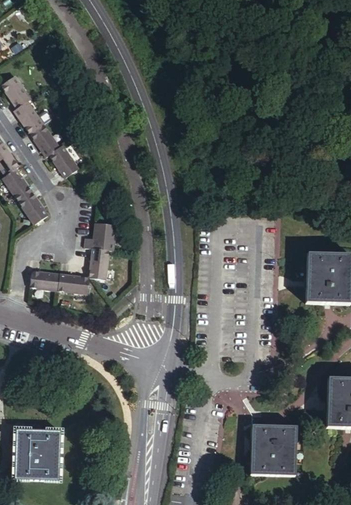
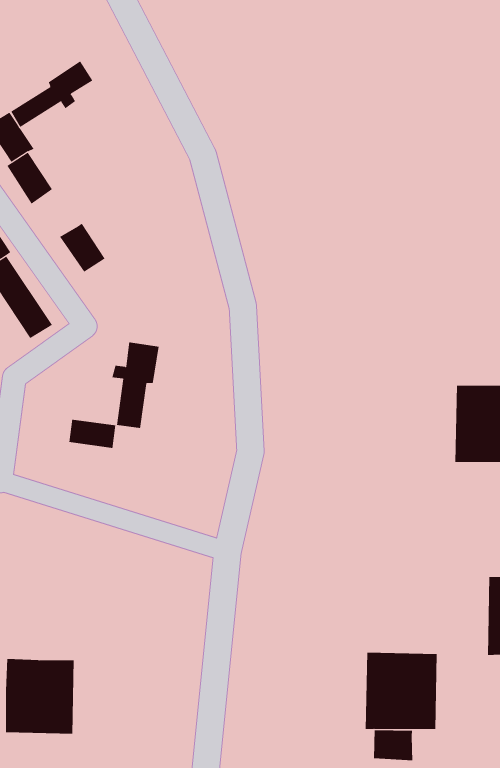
building: none -> [11,60,93,128]
building: [32,127,62,160] -> none
building: [27,272,58,291] -> none
building: none -> [374,729,413,761]

